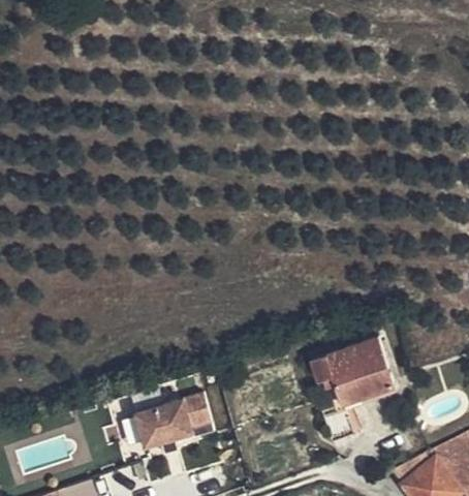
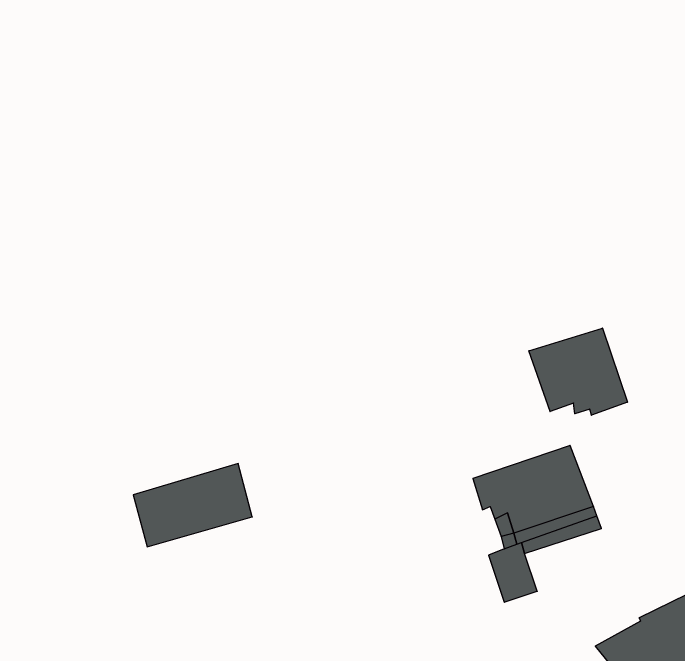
building: none -> [529,328,627,415]
building: [133,396,212,451] -> [133,464,252,547]

